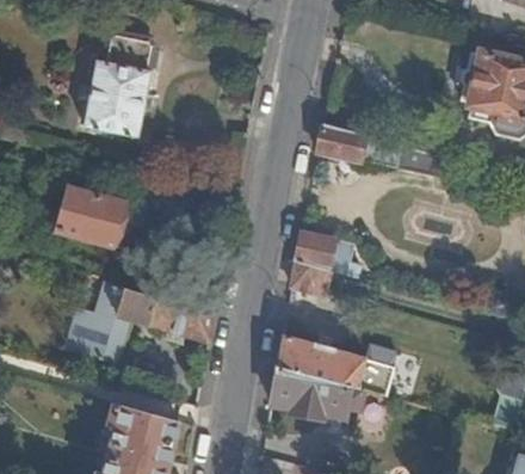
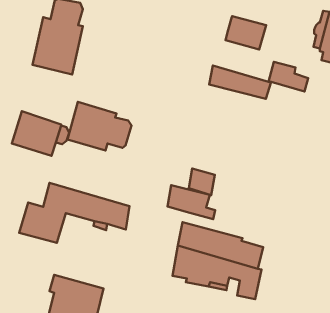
building: none -> [225,16,266,50]
building: none -> [68,102,132,150]
building: [297,233,360,278] -> [167,185,215,219]

